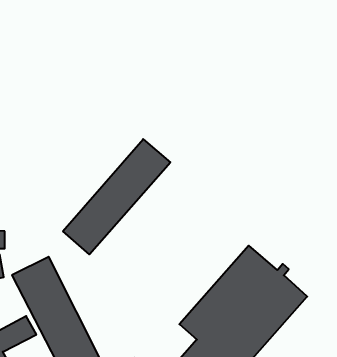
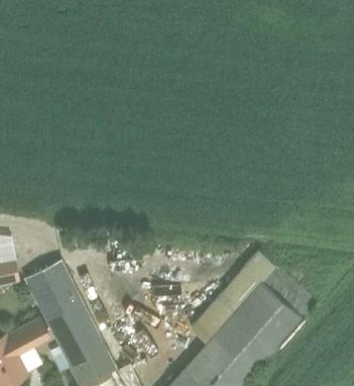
building: [63,139,170,254] -> none

